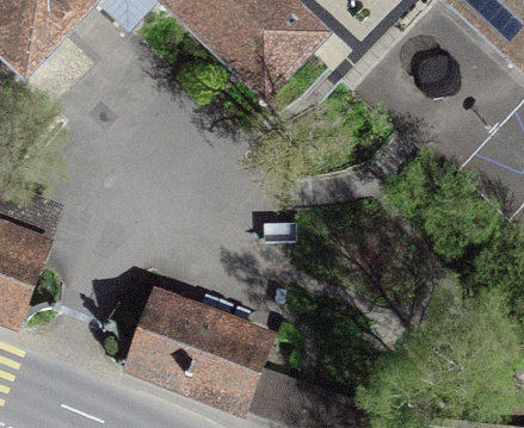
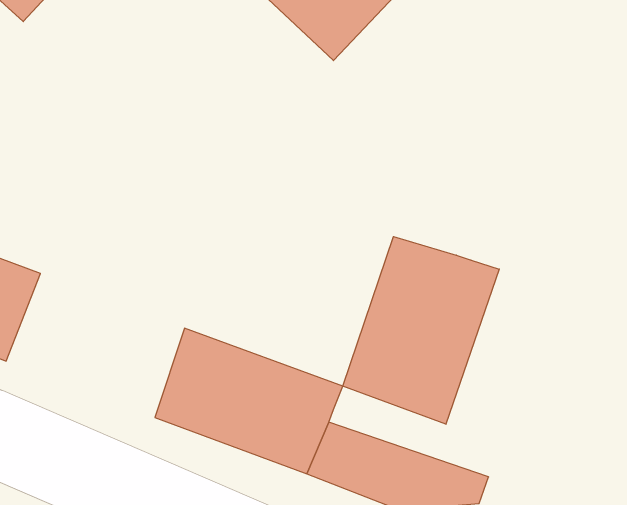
building: none -> [343,237,499,424]

